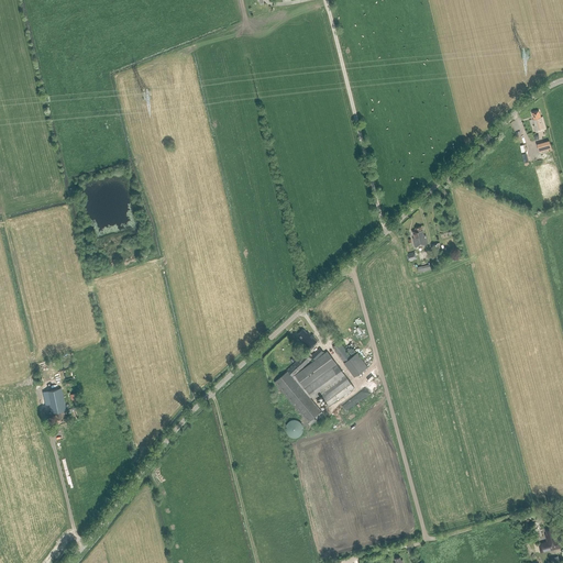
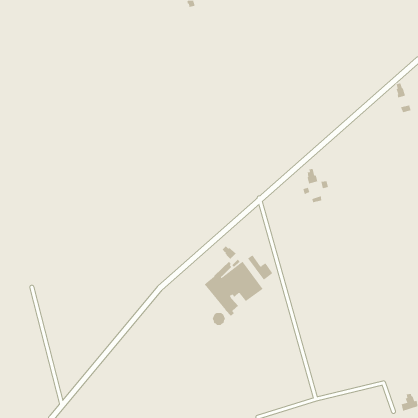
building: [43,389,68,420] -> none

